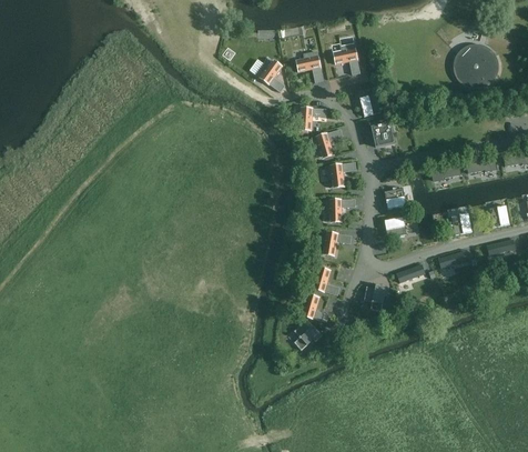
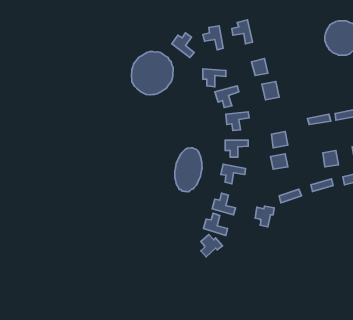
building: none -> [131,51,173,95]
building: none -> [175,148,202,192]

